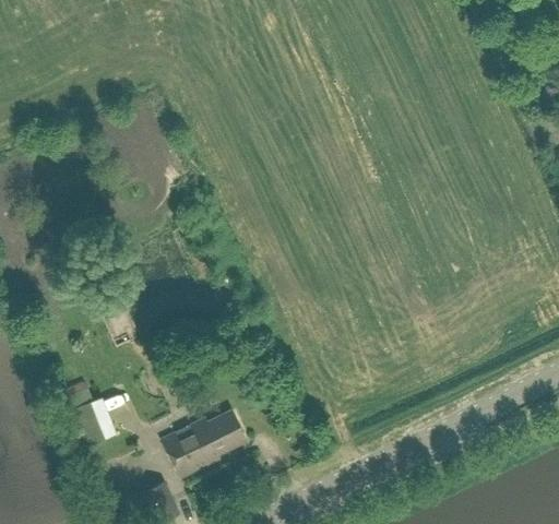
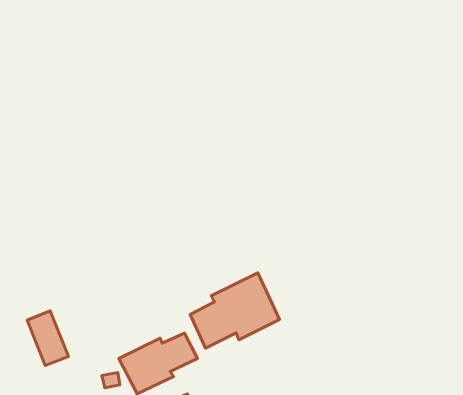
building: none -> [190,273,279,348]

